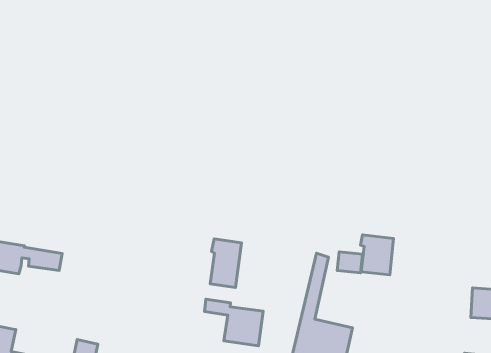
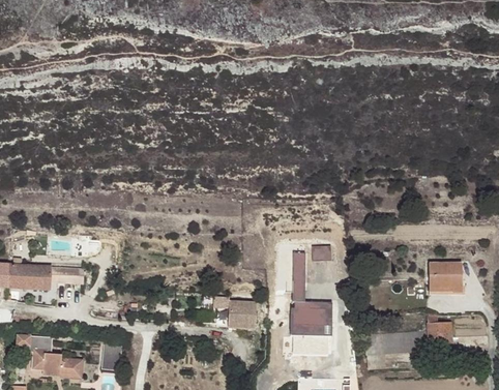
building: [361,235,394,275] -> none
building: [210,239,242,288] -> none

